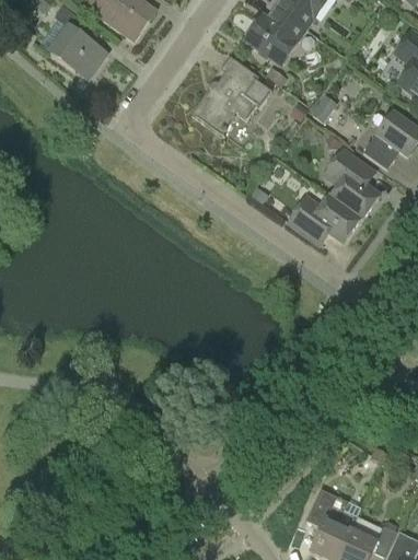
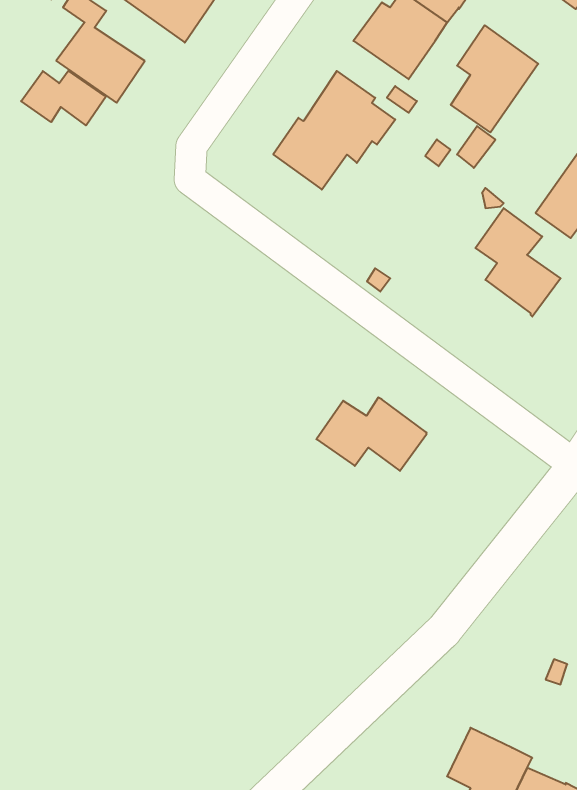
building: none -> [451,25,538,132]
building: none -> [21,71,107,125]
building: [288,195,360,243] -> [316,397,427,471]

